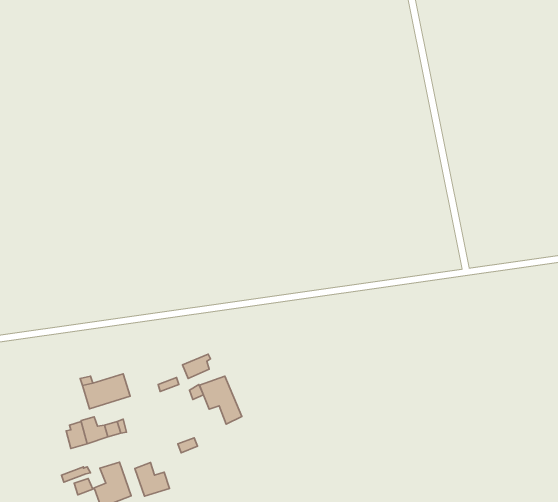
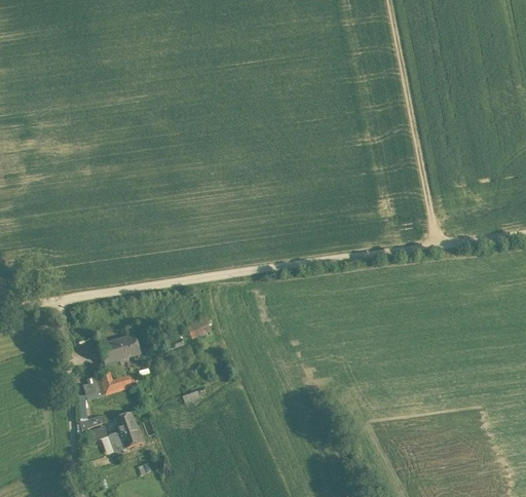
building: [199,376,242,424] -> none
building: [135,462,170,496] -> none

